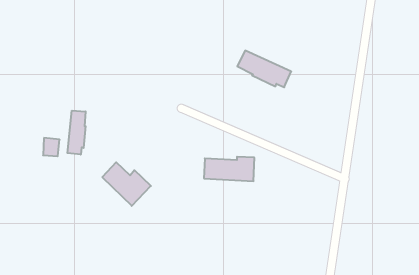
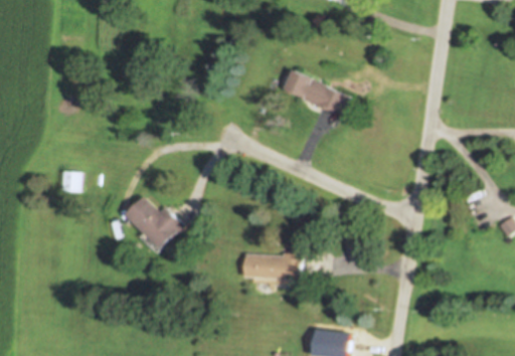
building: [67,111,86,155] -> none
building: [204,157,254,181] -> [242,251,301,280]

